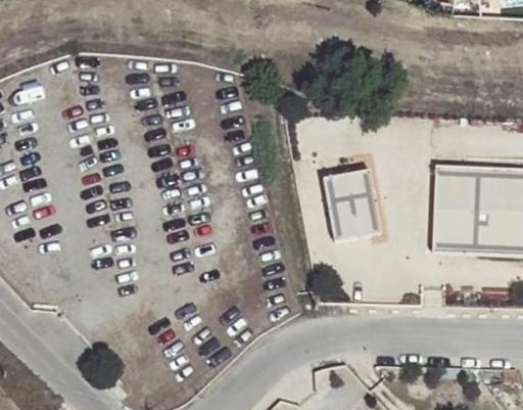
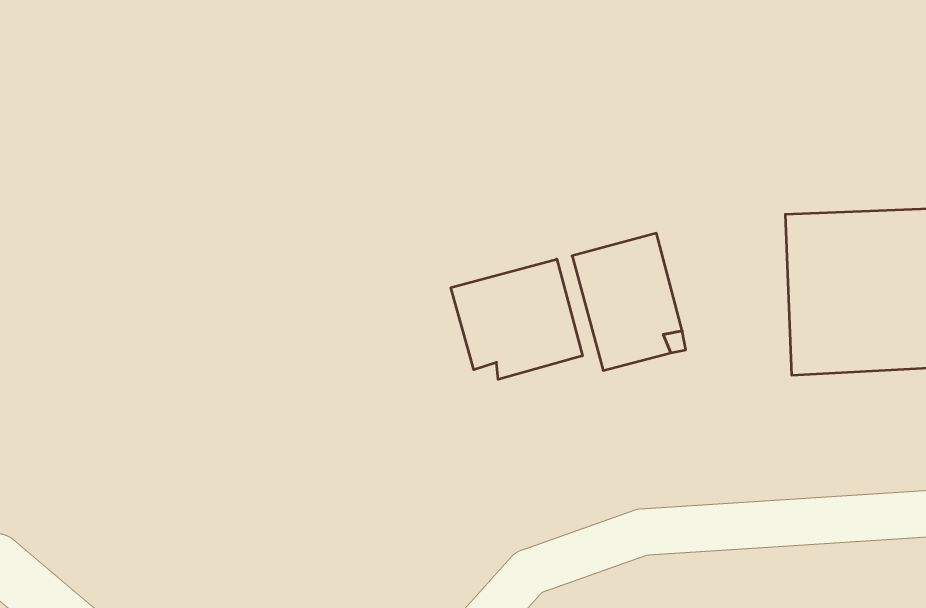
building: none -> [451,259,582,379]

